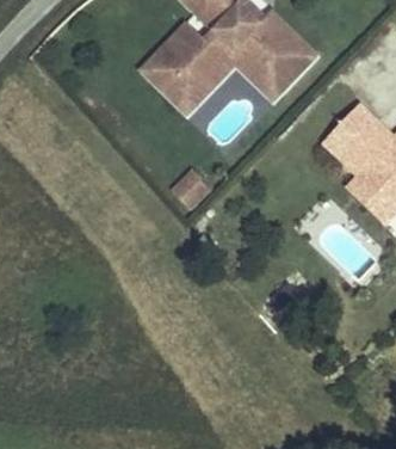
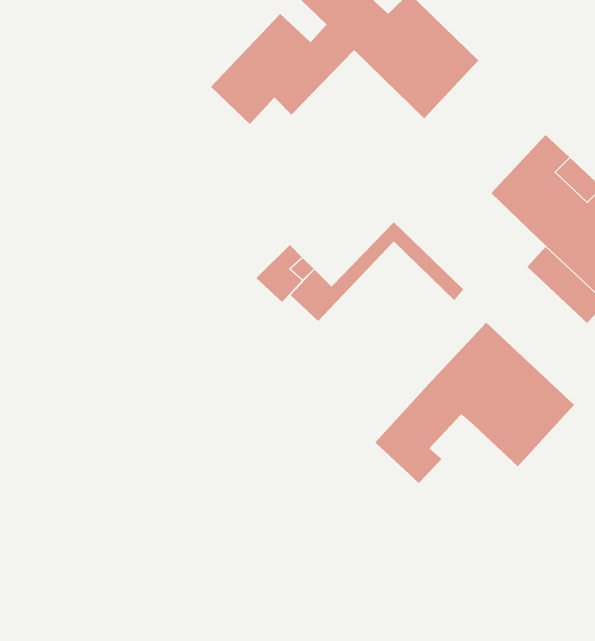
building: [171,50,280,113] -> [290,221,464,322]
building: none -> [374,322,575,484]

